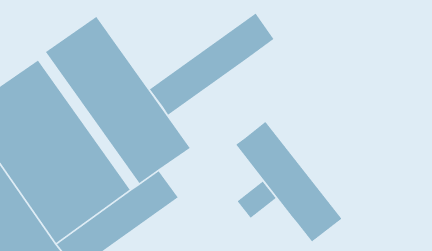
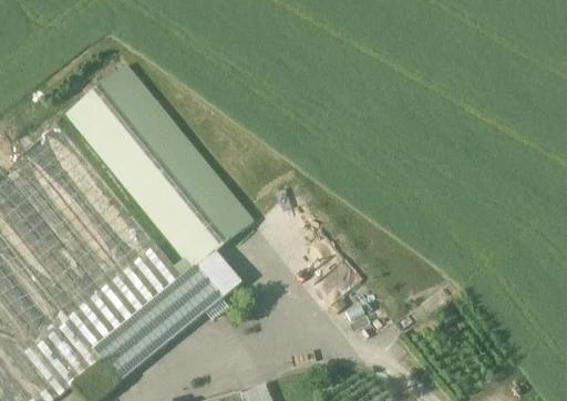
building: [149,13,275,116] -> none
building: [235,121,342,242] -> none

